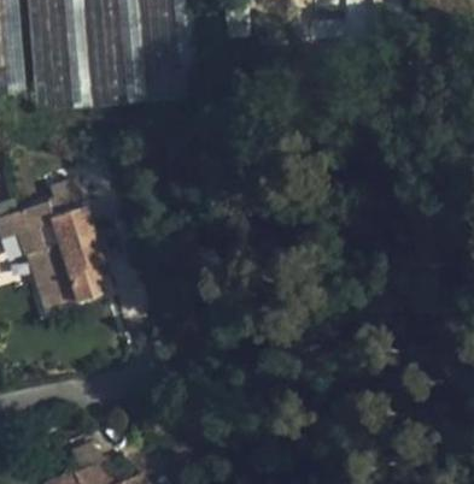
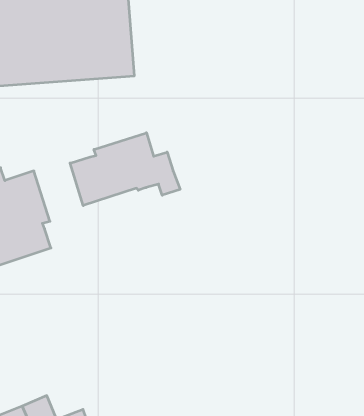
building: none -> [70,133,180,206]

